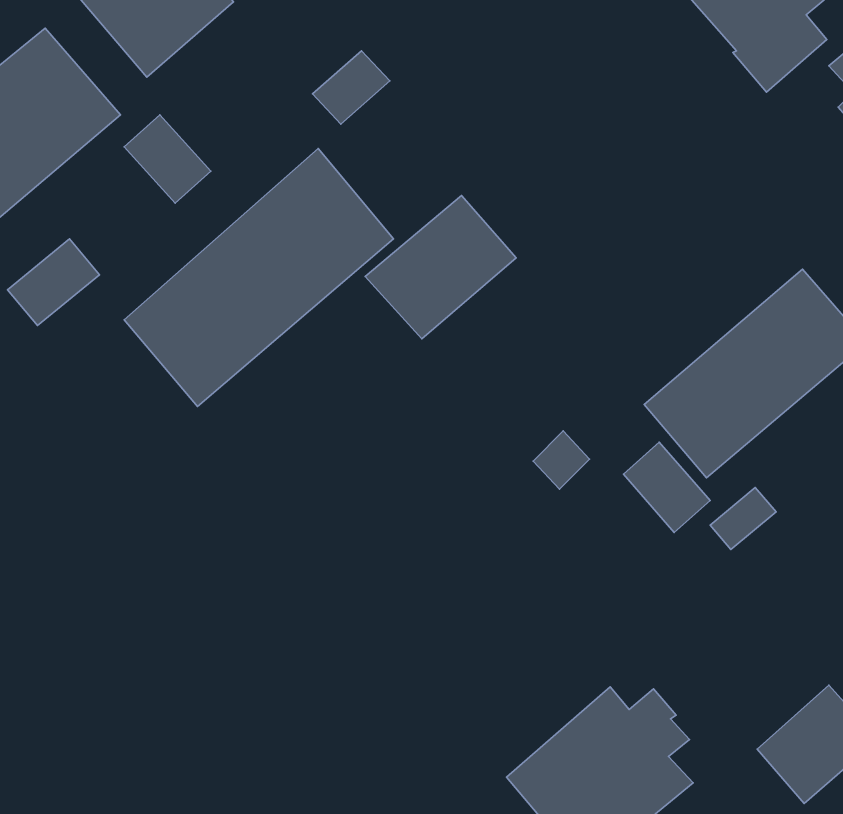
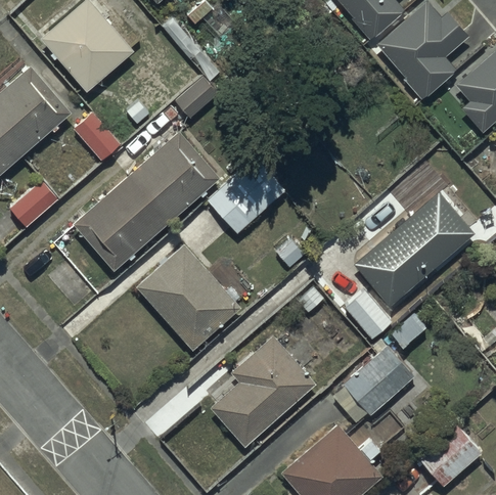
building: none -> [137,243,241,350]
building: none -> [211,335,316,447]
building: none -> [334,339,416,422]

